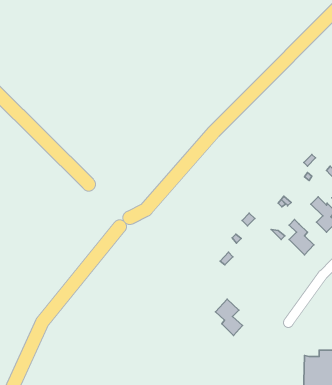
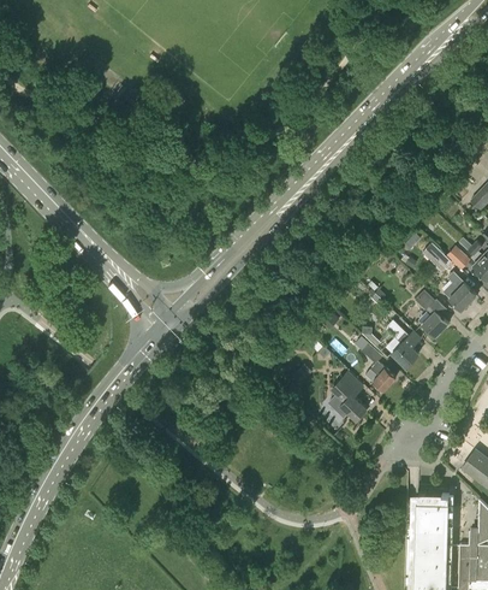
building: none -> [362,343,397,390]
building: [215,299,243,335] -> [332,373,368,421]

